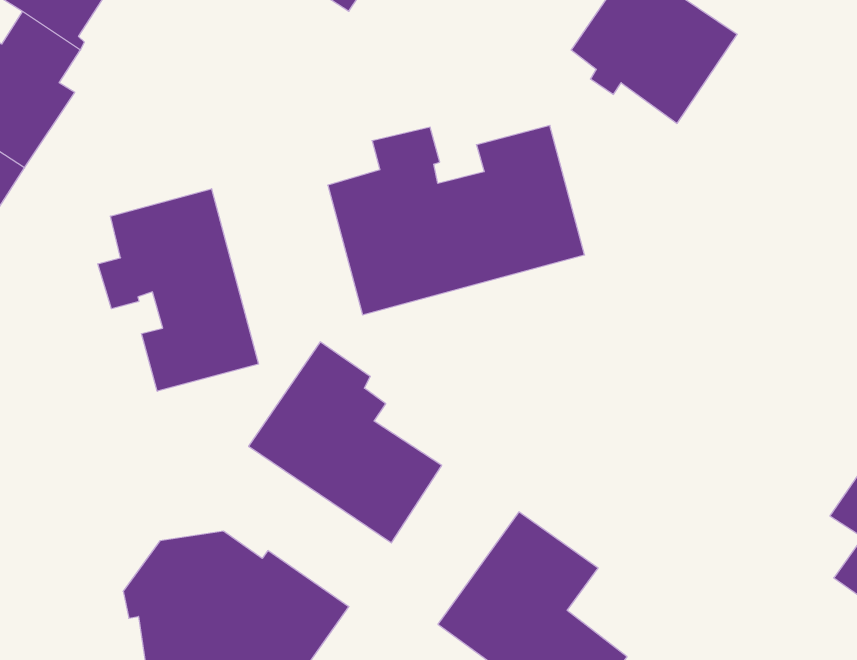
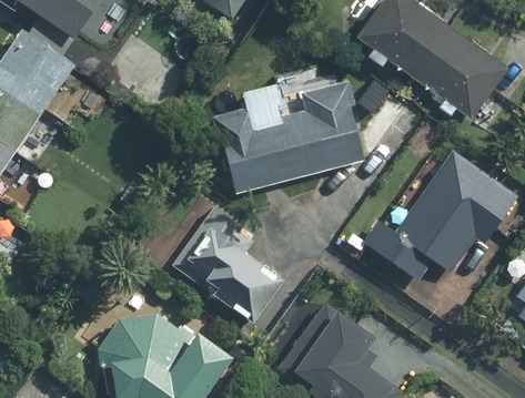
building: none -> [418,30,507,116]
building: [98,189,258,391] -> none
building: none -> [365,153,517,278]

